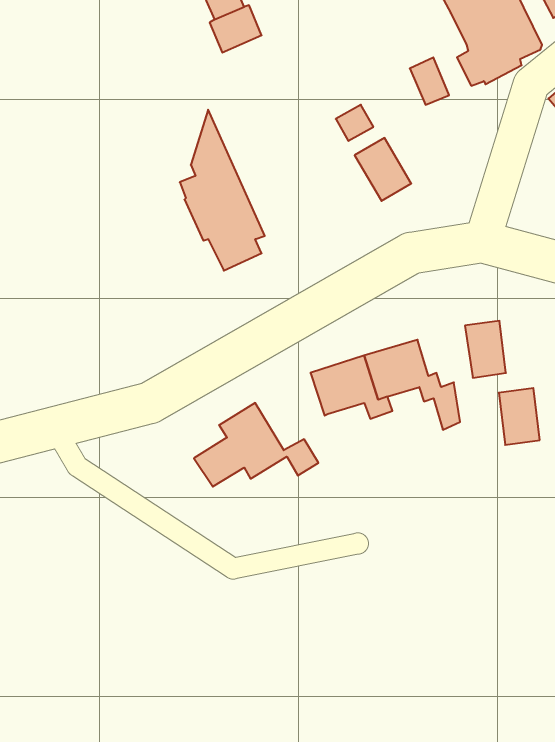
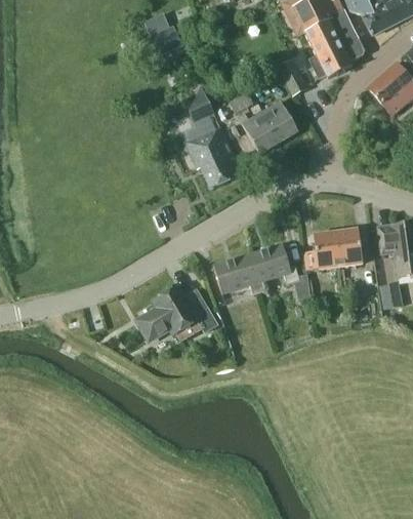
building: [180,110,265,271] -> [182,84,238,189]
building: none -> [261,102,298,143]
building: [499,388,540,445] -> [336,229,363,266]

